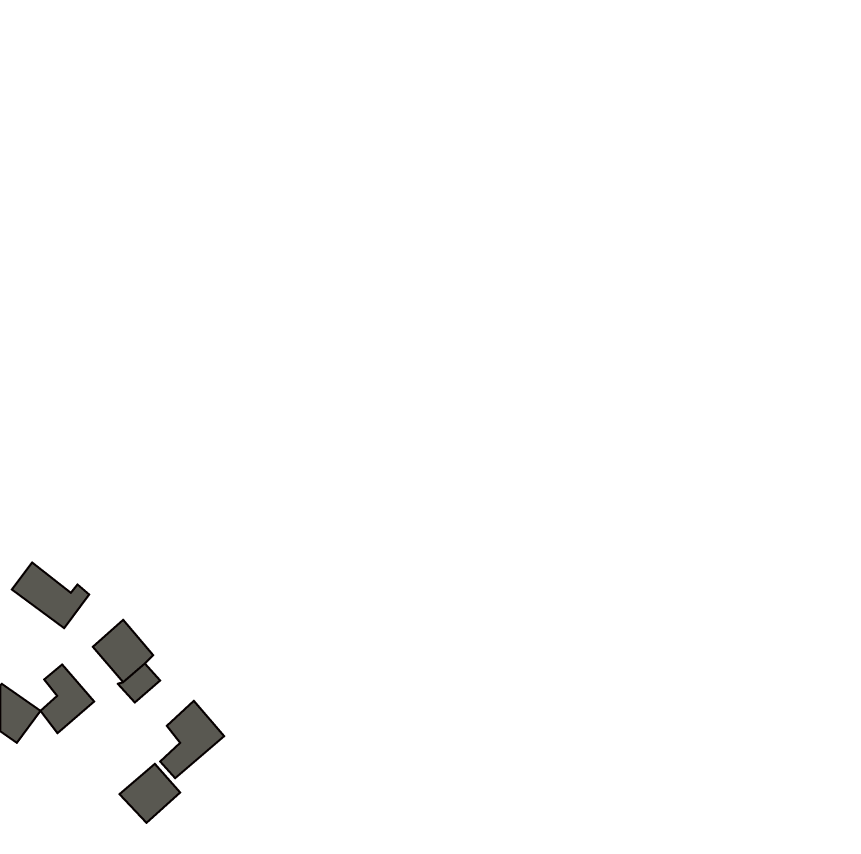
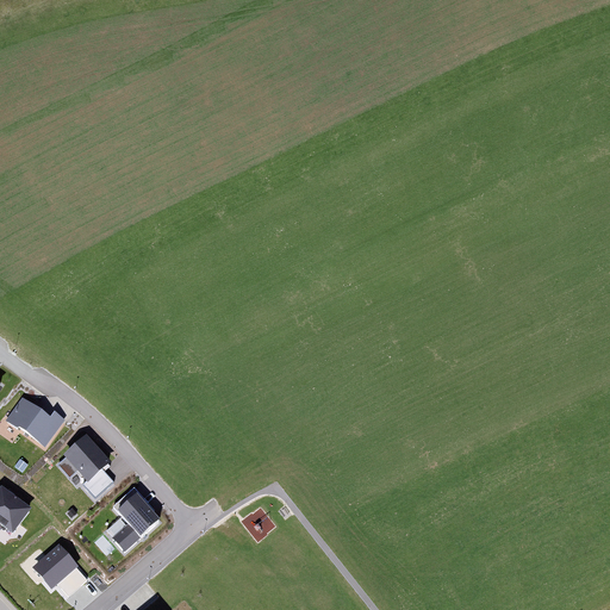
building: [40,664,94,733] -> none
building: [119,764,180,823] -> [33,546,76,587]

